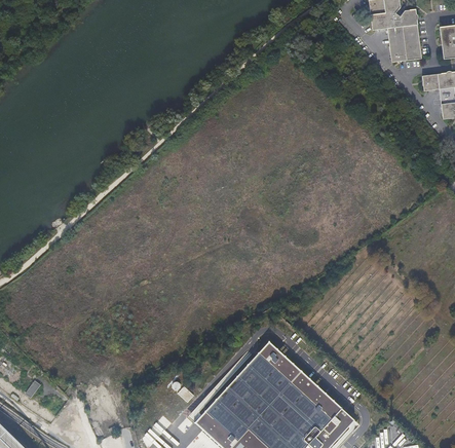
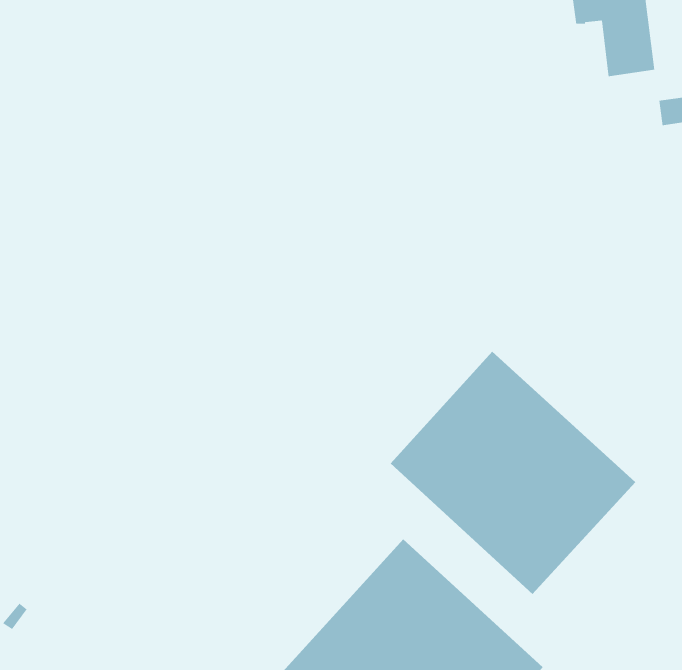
building: none -> [390,351,636,595]

